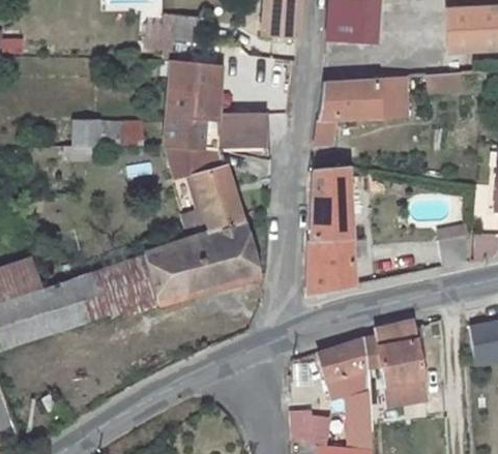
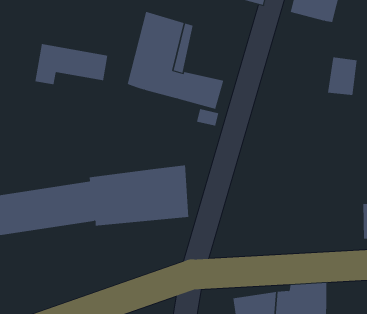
building: [316,81,381,142] -> none
building: [186,148,244,230] -> none
building: [312,167,357,310] -> none

